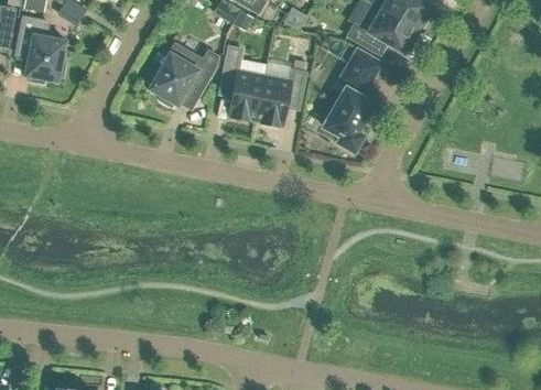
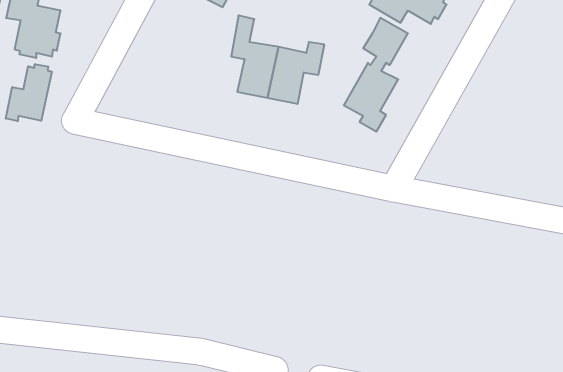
building: [148,42,218,106] -> none
building: none -> [6,64,52,121]

